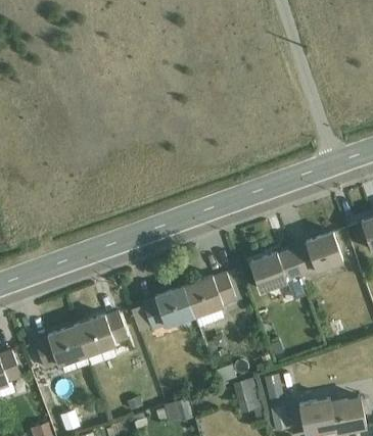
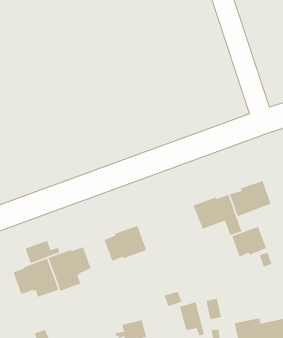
building: [184,273,236,327] -> none
building: none -> [231,226,267,258]
building: none -> [25,240,60,264]

